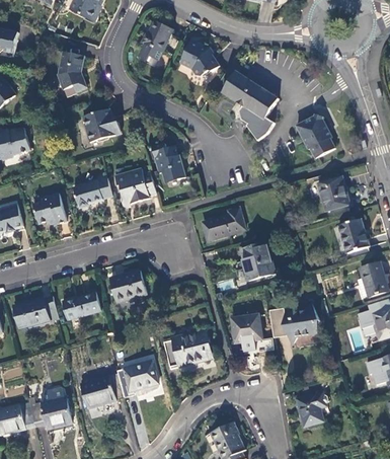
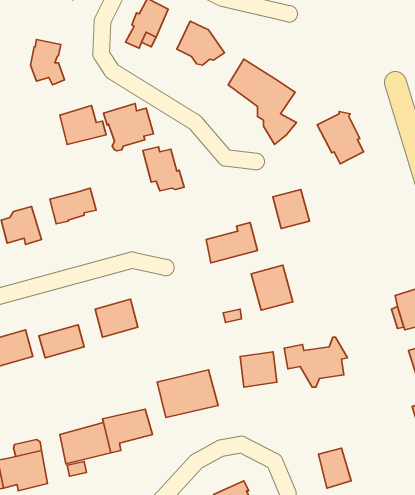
building: [113,168,155,208] -> [104,103,154,151]
building: [318,177,348,210] -> [273,190,309,229]
building: [338,219,369,252] -> none

